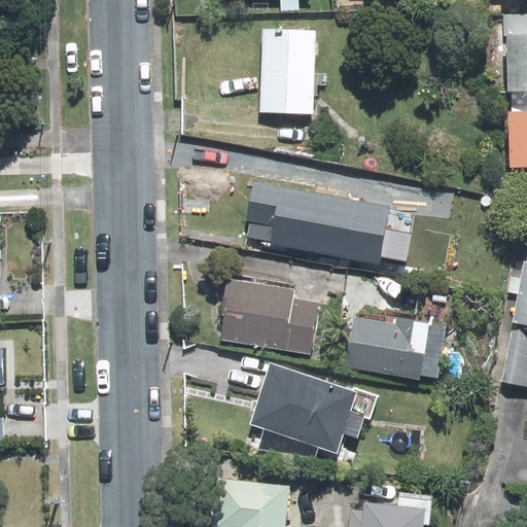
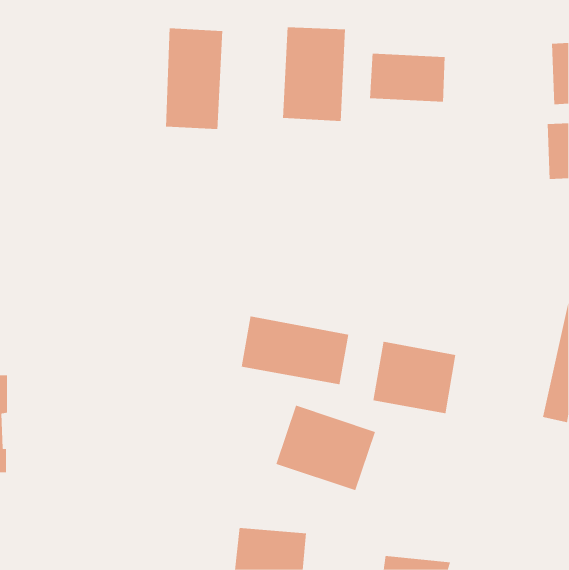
building: none -> [165,27,223,130]
building: none -> [369,53,445,102]
building: [247,179,416,260] -> none

